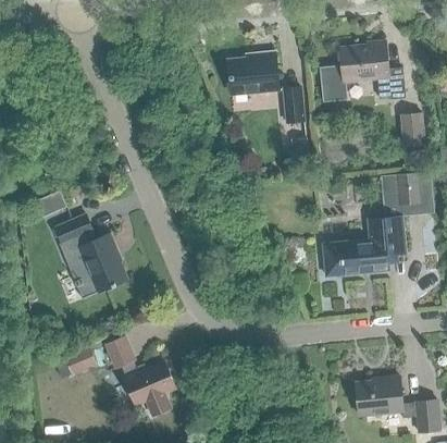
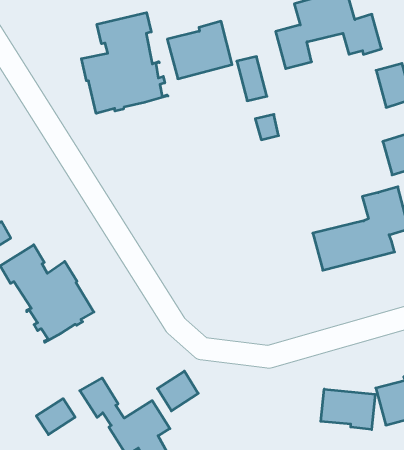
building: none -> [81,13,168,113]
building: none -> [157,371,198,411]
building: none -> [321,389,375,430]

